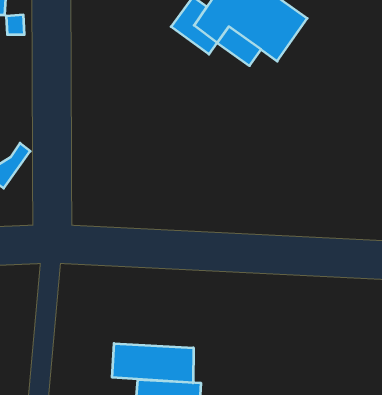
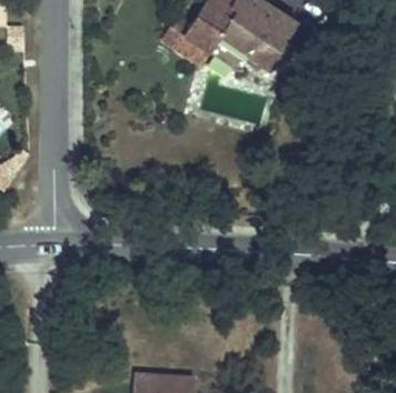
building: [112,343,193,383] -> none

